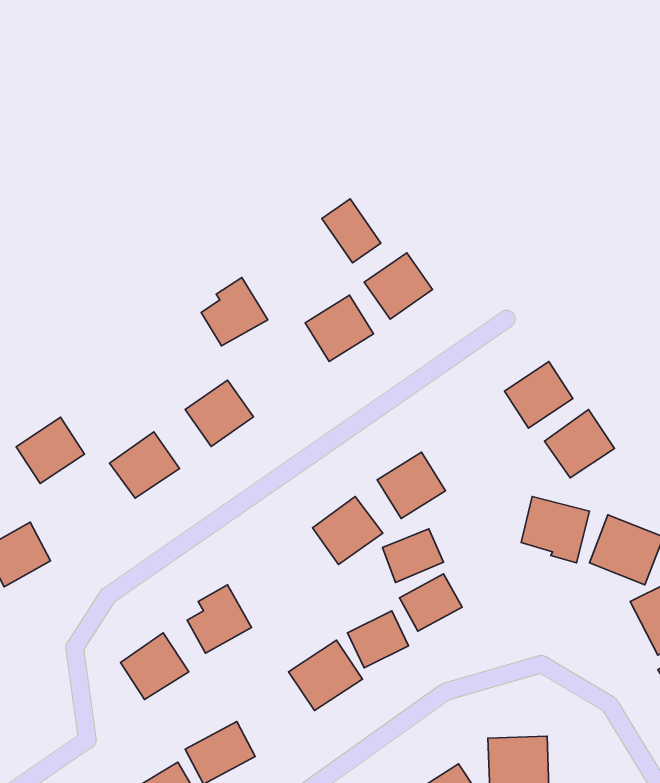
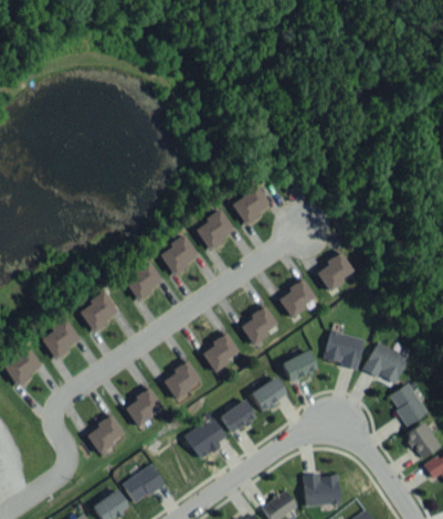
building: [322,199,381,263] -> none
building: [201,278,268,346] -> [160,234,200,275]
building: [544,410,615,478] -> [275,277,317,318]
building: [16,417,85,484] -> [40,320,81,360]
building: [383,529,443,582] -> [282,351,318,383]
building: none -> [161,358,199,401]

